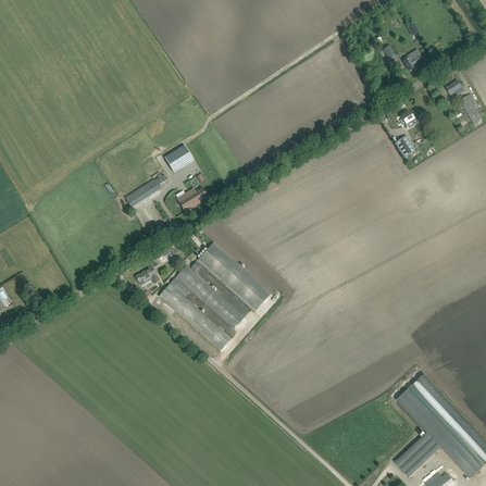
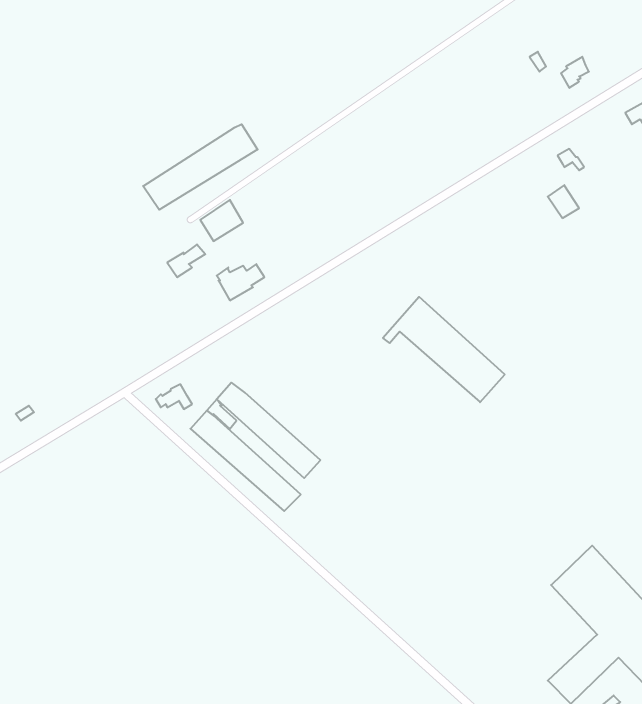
building: none -> [143,124,258,210]
building: [189,241,270,311] -> [383,297,505,402]

